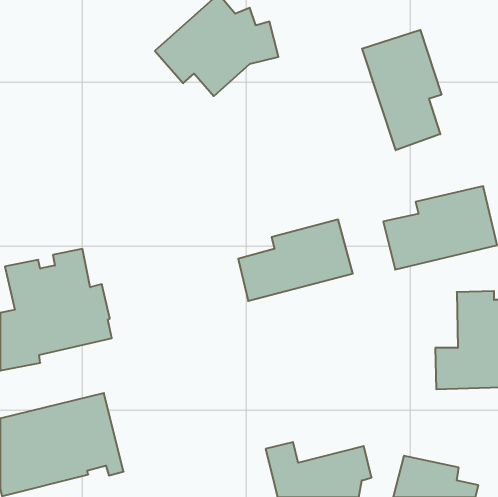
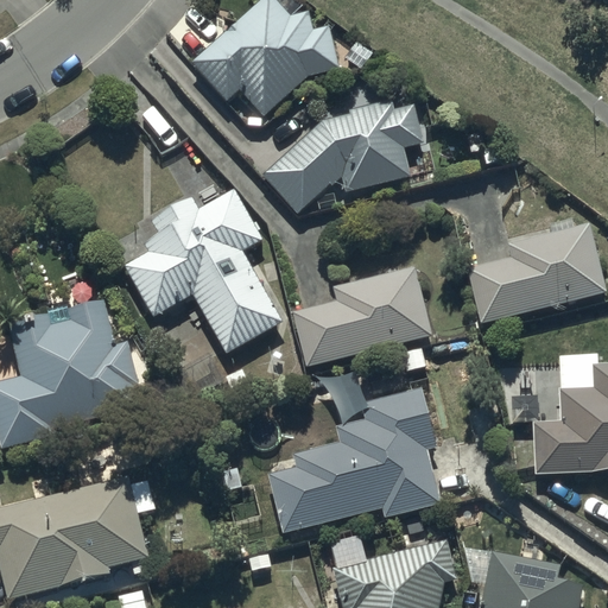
building: [362,30,441,150] -> none
building: none -> [264,101,422,214]
building: none -> [125,185,280,355]
building: none -> [268,387,442,532]

